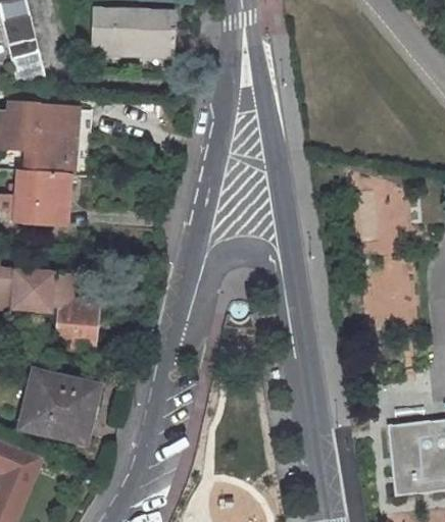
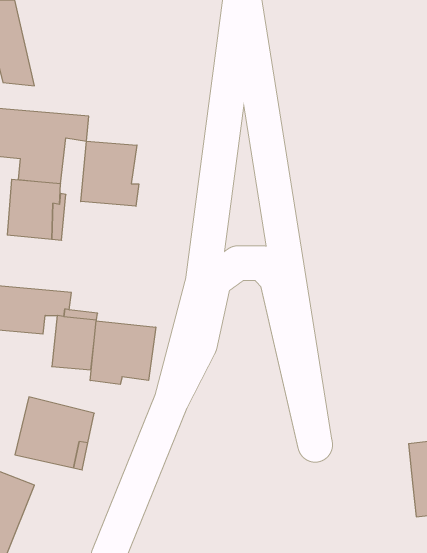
building: [87,7,174,53] -> none
building: none -> [81,141,139,206]
building: none -> [90,321,156,384]

